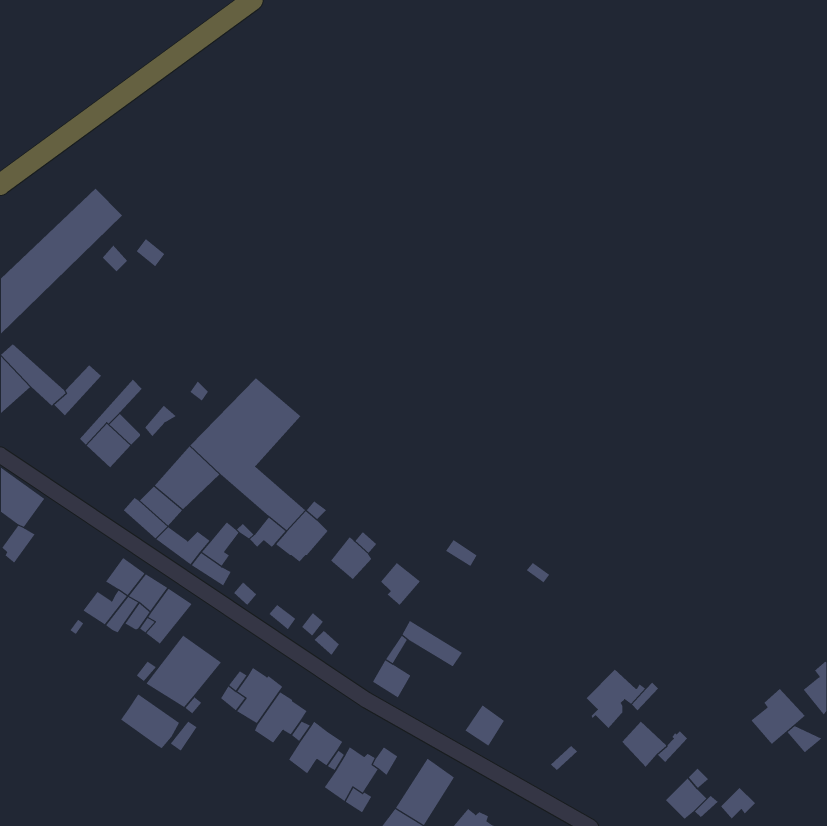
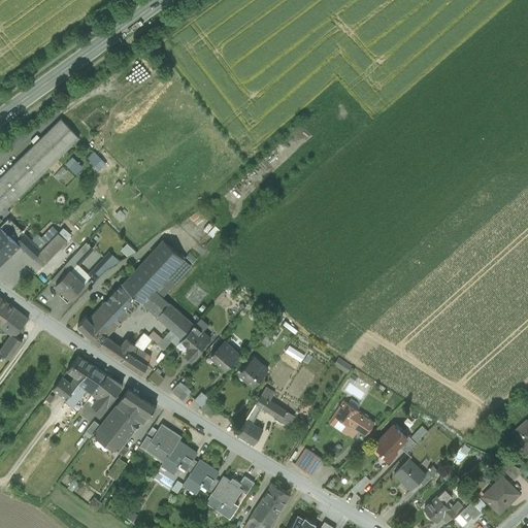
building: none -> [333,401,374,436]
building: [751,688,806,745] -> [484,478,519,515]
building: [120,694,180,749] -> [117,389,155,424]

